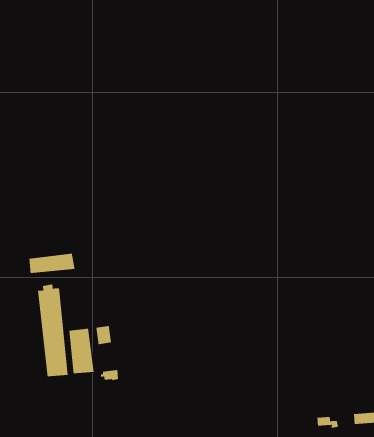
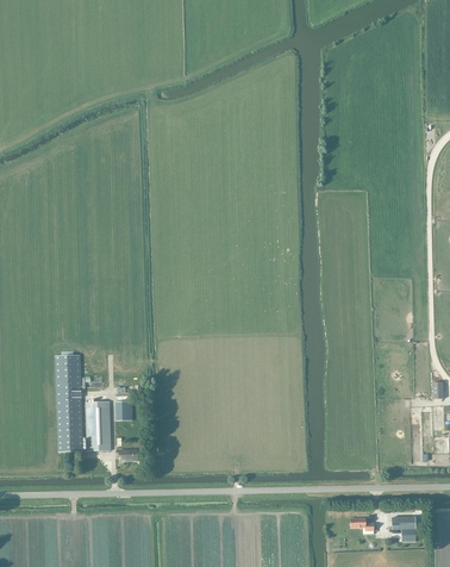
building: [29,253,75,274] -> none

